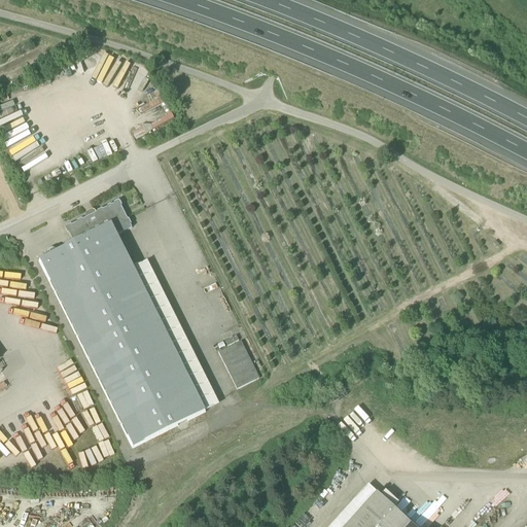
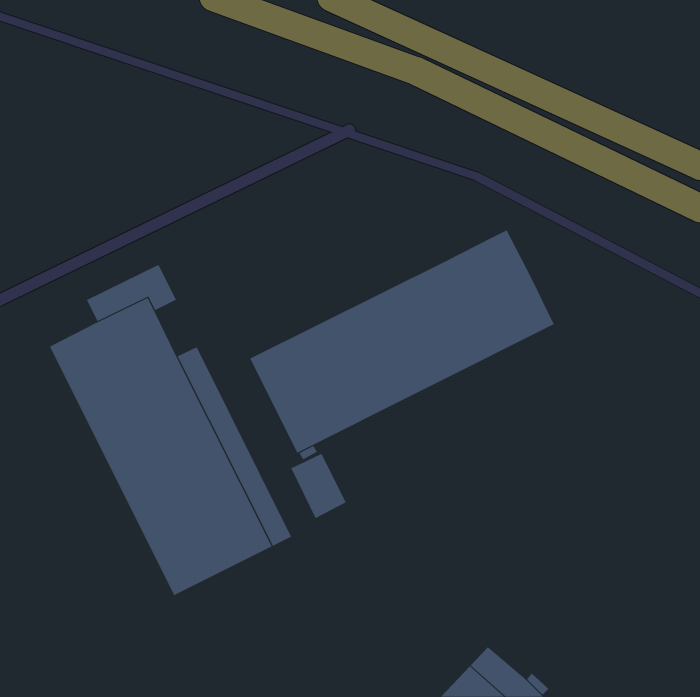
building: none -> [249,229,555,453]

